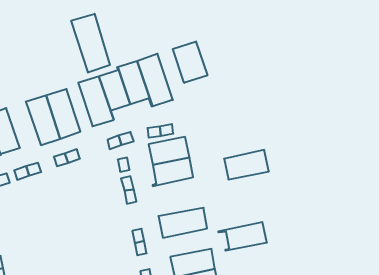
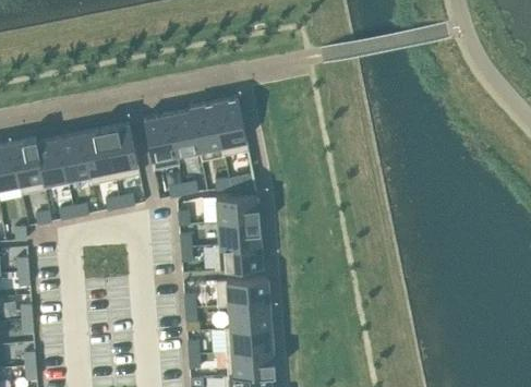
building: [71,14,110,73] -> none
building: [173,41,207,83] -> none
building: none -> [59,133,93,184]
building: [224,150,269,179] -> [214,242,263,270]
building: [218,222,267,251] -> [218,302,271,329]

